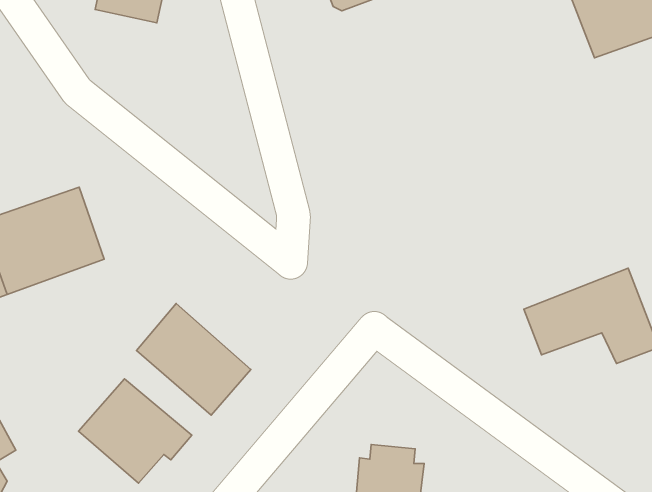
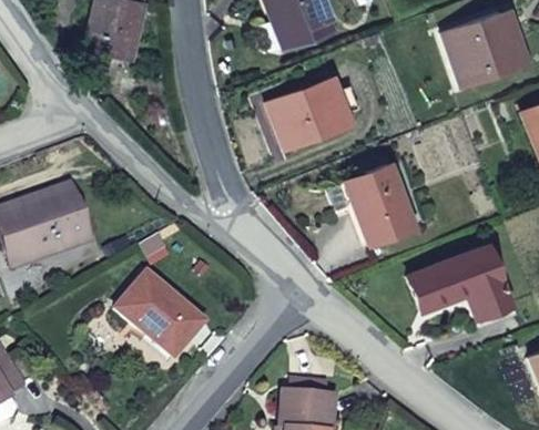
building: none -> [268,79,353,150]
building: none -> [328,165,414,244]
building: [79,379,192,483] -> none

